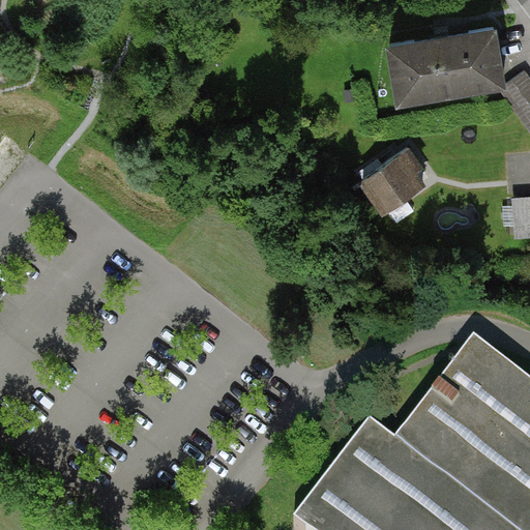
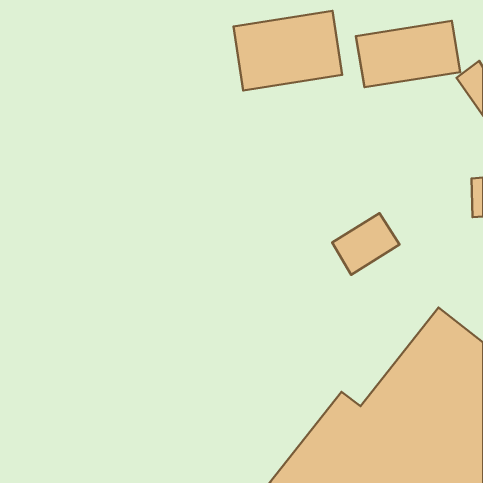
building: none -> [234,11,342,90]
building: [366,147,440,214] -> [332,213,399,275]

